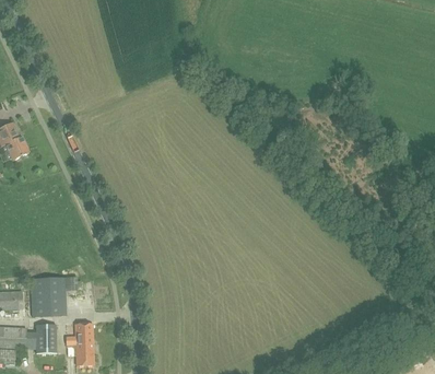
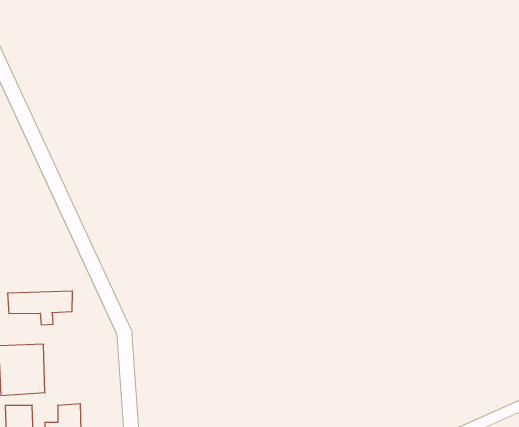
building: none -> [8,291,72,325]

